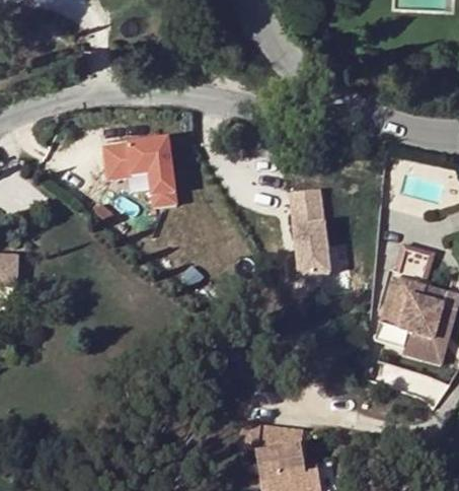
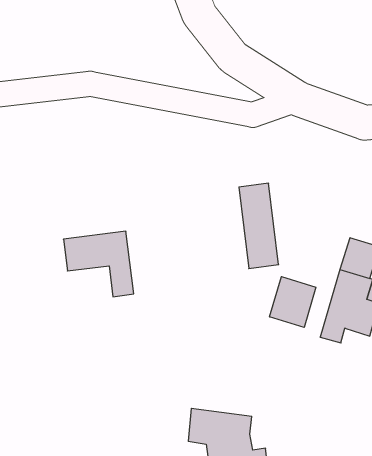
building: [103,139,175,206] -> [63,231,134,297]
building: none -> [270,277,316,327]

